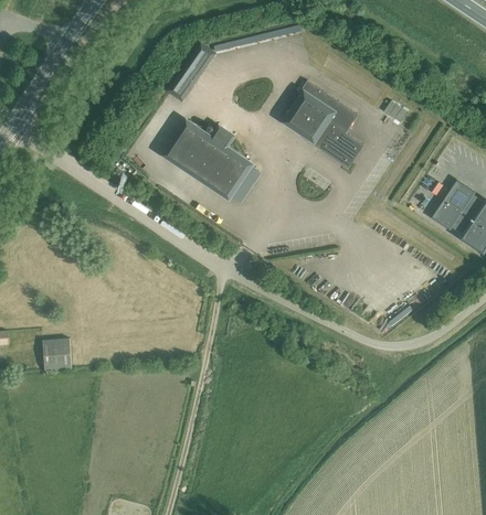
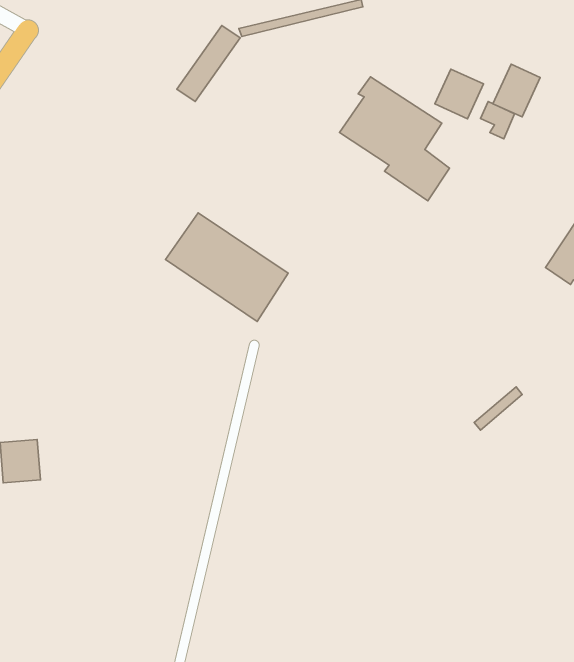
building: none -> [493,64,540,117]
building: none -> [435,69,484,119]
building: [163,121,251,199] -> [166,213,288,321]

